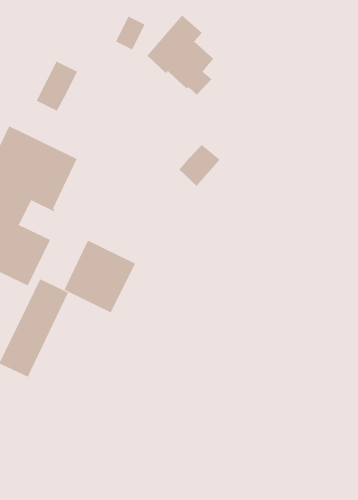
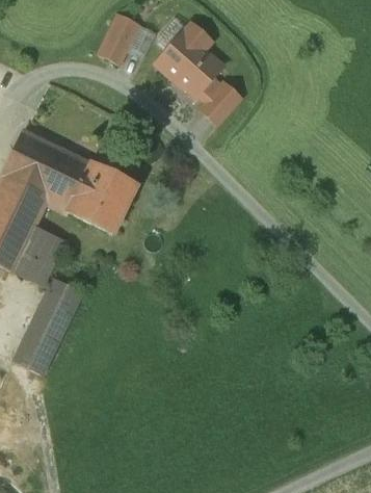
building: [36,61,78,111] -> [98,14,138,62]
building: [179,144,221,187] -> [200,82,240,124]
building: [64,240,136,313] -> [67,162,136,233]

